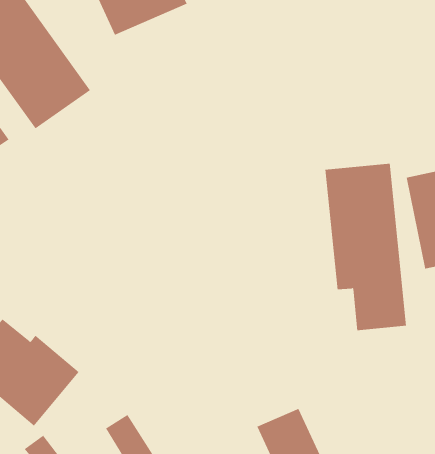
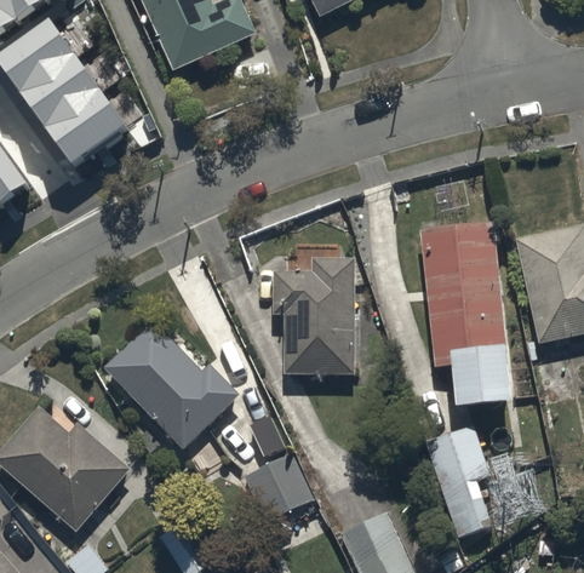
building: none -> [271,258,355,376]
building: none -> [101,319,237,449]
building: none -> [426,425,491,535]
building: none -> [242,451,315,533]

